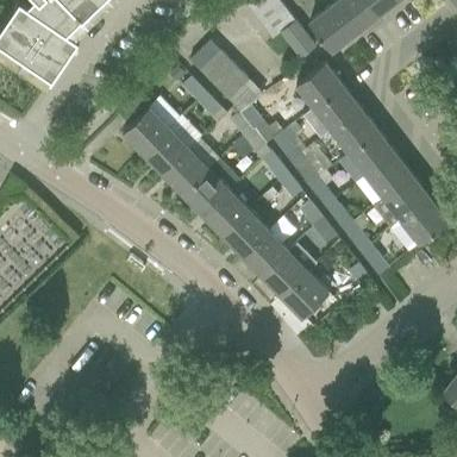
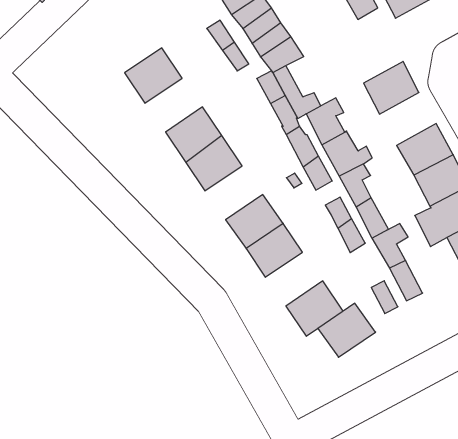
building: [299,64,345,109] -> none
building: [333,109,380,155] -> none
building: [145,118,204,175] -> none
building: [205,192,251,237] -> none
building: [264,252,311,298] -> [318,303,376,357]

